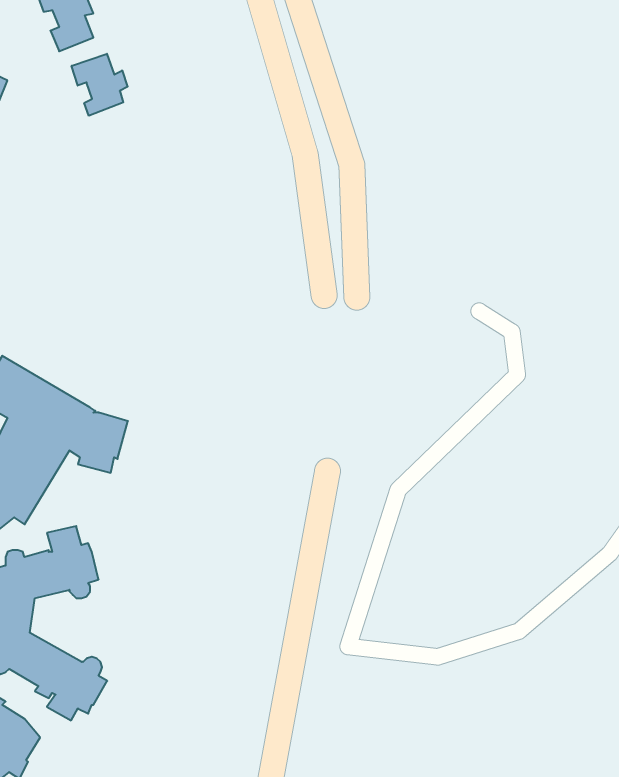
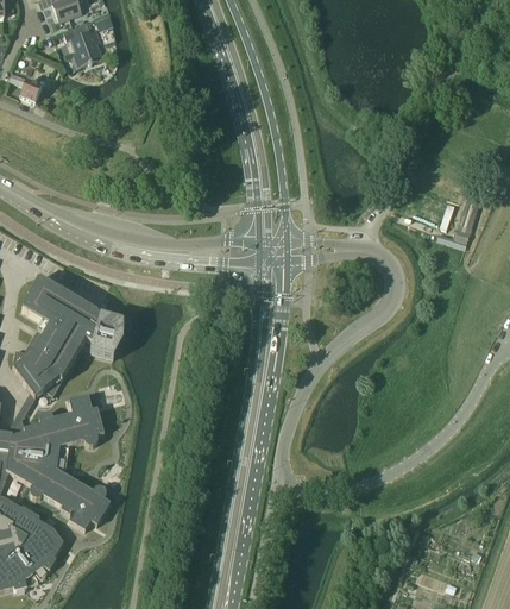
building: [72,54,128,116] -> none

